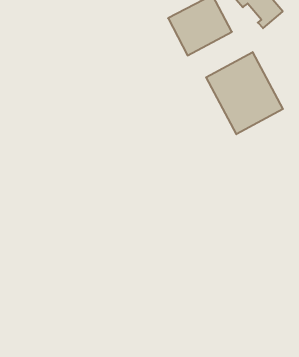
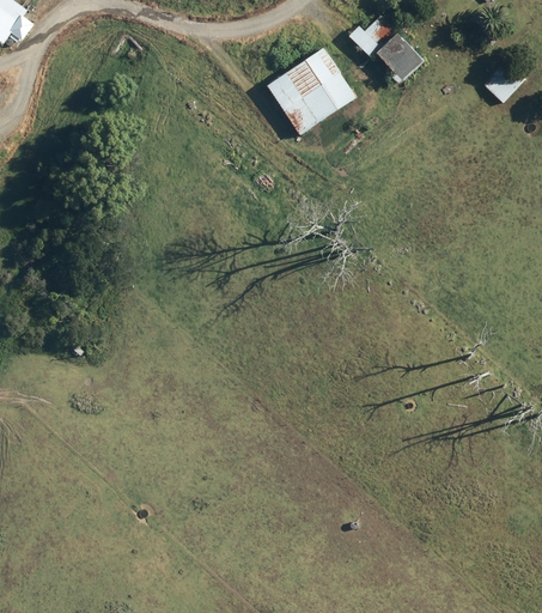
building: [206,52,283,134] -> none

